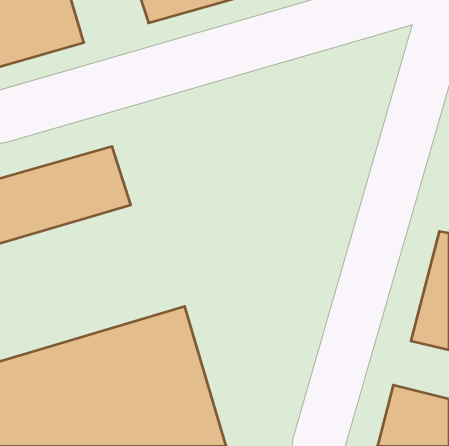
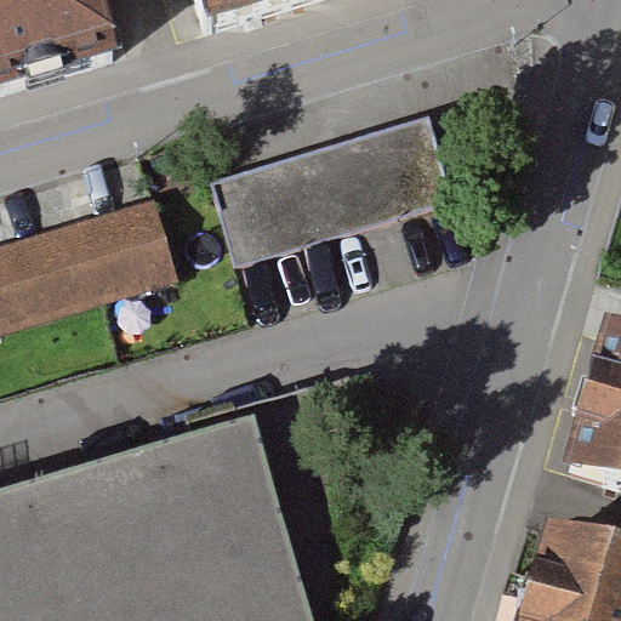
building: none -> [210,115,460,264]

